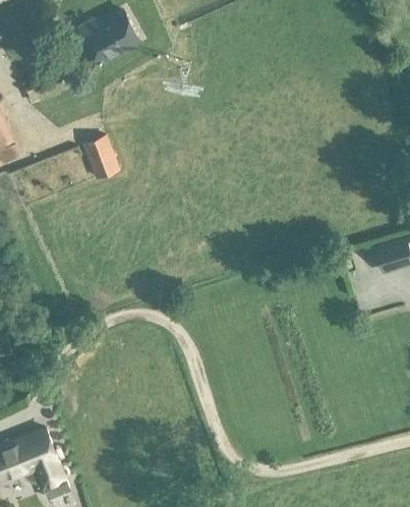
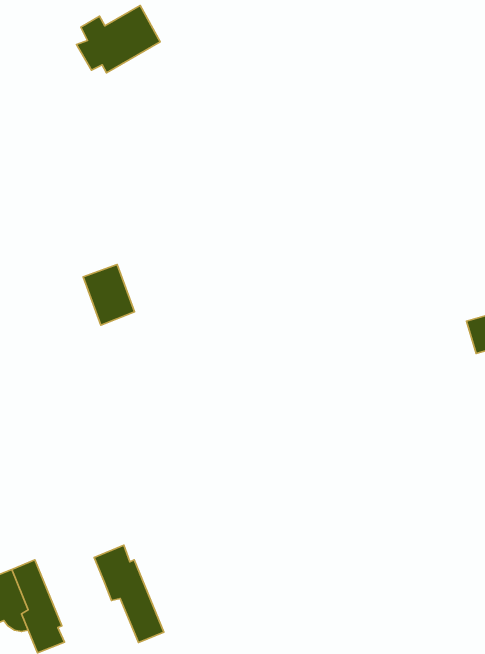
building: [81,132,120,178] -> [83,265,135,325]
building: none -> [94,545,164,642]

